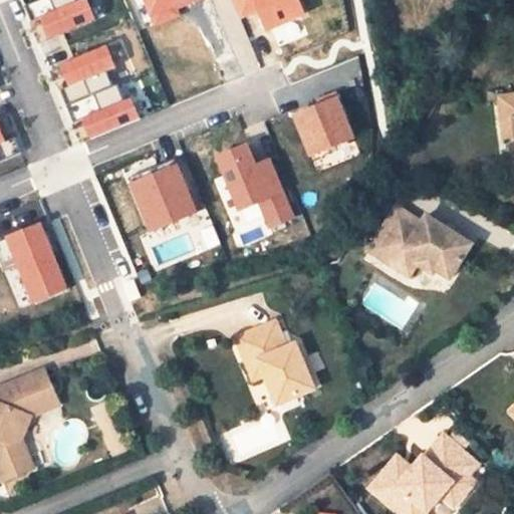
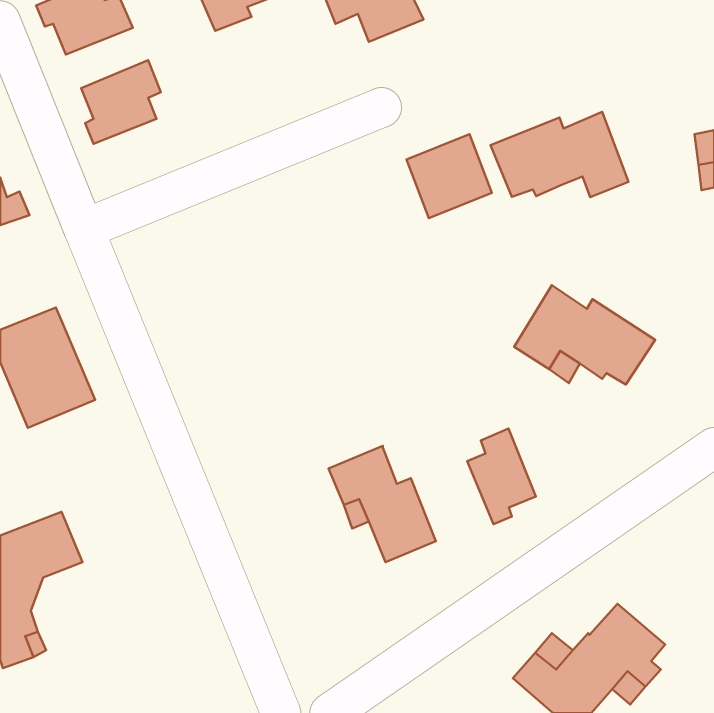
building: none -> [490,112,629,197]
building: [67,83,140,139] -> none
building: [216,142,292,226] -> none
building: [130,164,198,232] -> none
building: none -> [467,429,536,524]

